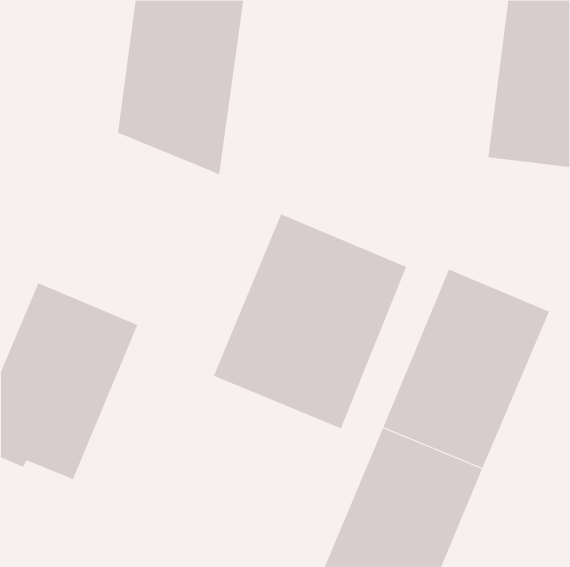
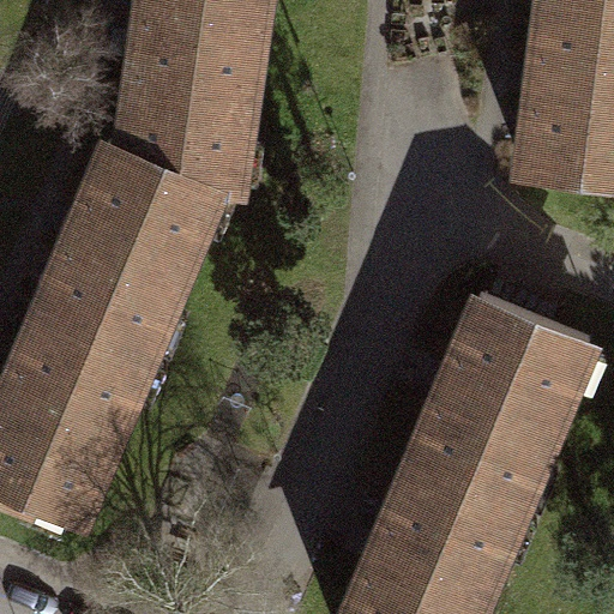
building: none -> [41,140,219,353]
building: [213,214,407,429] -> none

